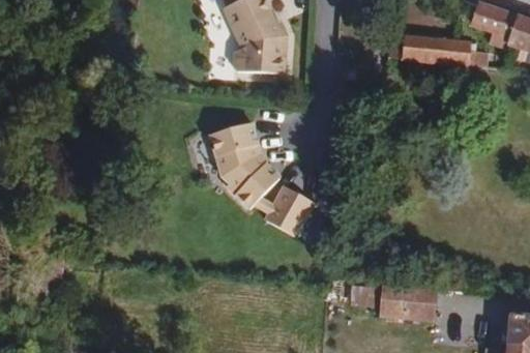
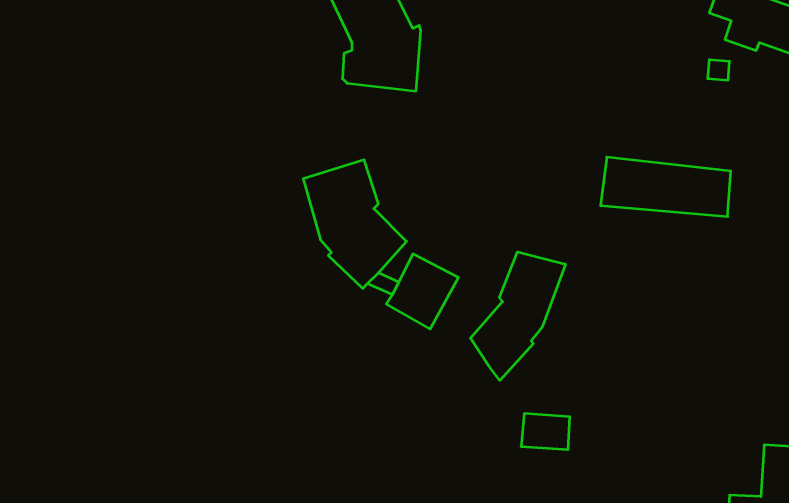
building: [387,27,473,66] -> [601,157,731,217]
building: none -> [470,252,565,380]
building: [381,289,435,325] -> none

